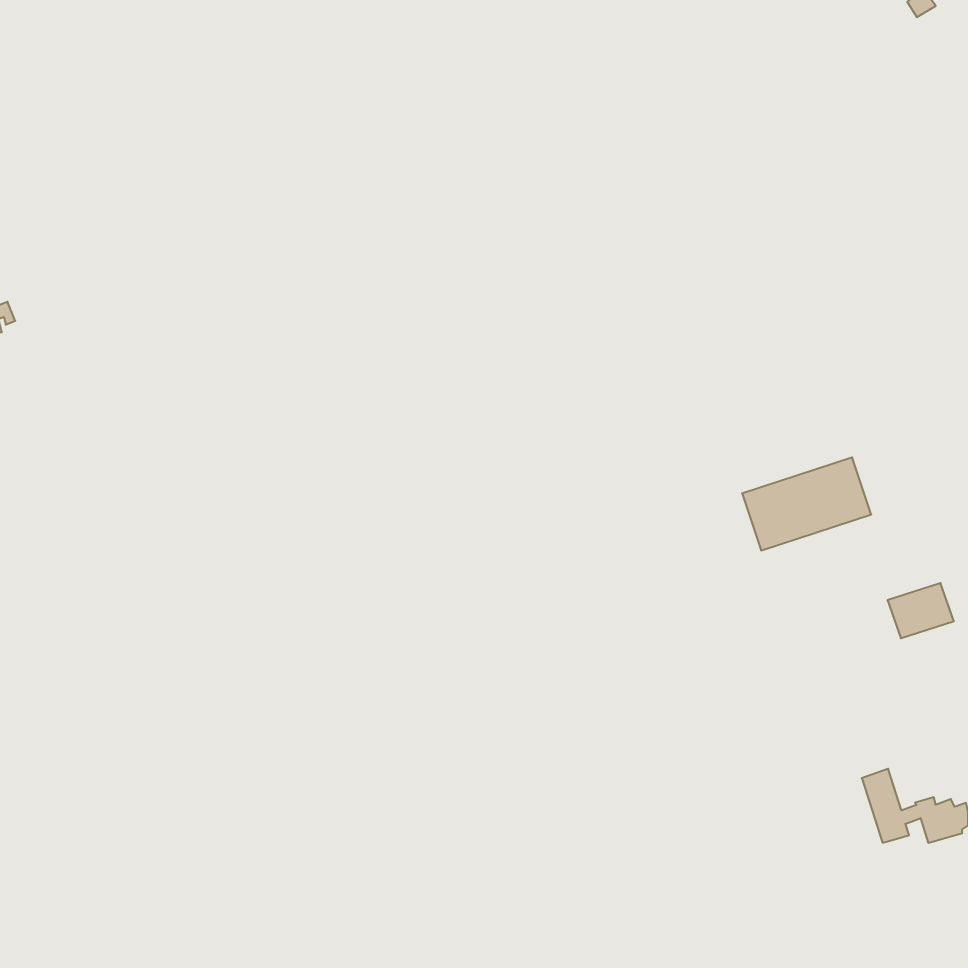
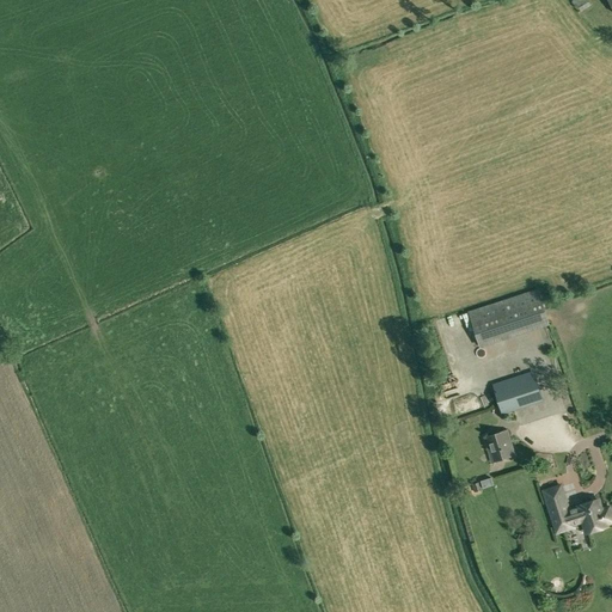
building: [887,583,954,638] -> [492,375,534,410]
building: none -> [483,429,514,461]

